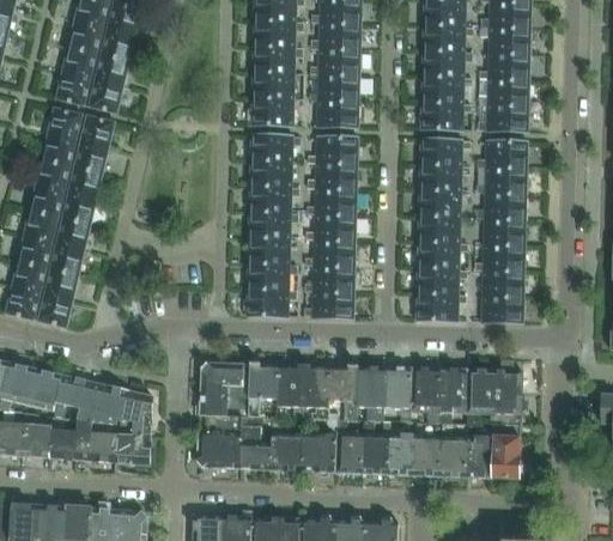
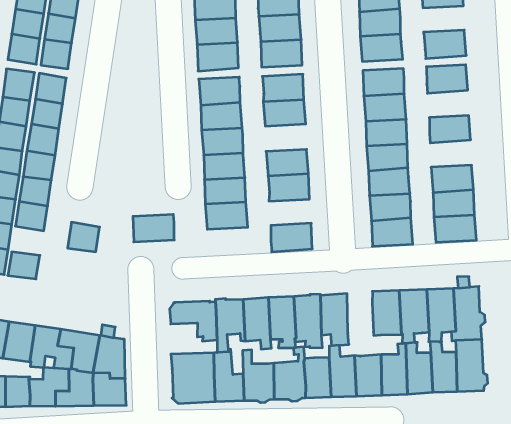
building: [486,79,529,105] -> none
building: [485,168,527,194] -> none
building: [314,188,357,215] -> none
building: [482,219,526,245] -> none
building: [312,266,354,292] -> none
building: [43,270,78,303] -> [68,222,100,252]
building: [245,290,289,317] -> [133,214,174,242]
building: [383,367,412,409] -> none
building: [199,384,248,418] -> none

